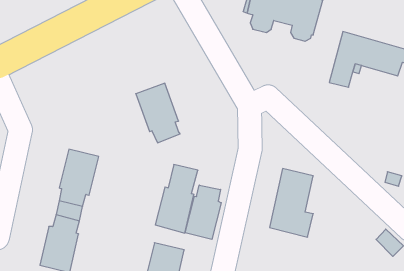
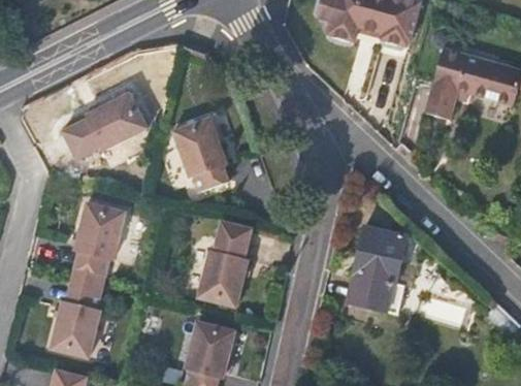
building: none -> [64,91,151,157]
building: [185,185,221,239] -> none

